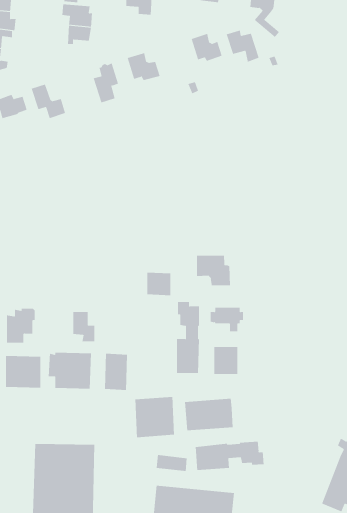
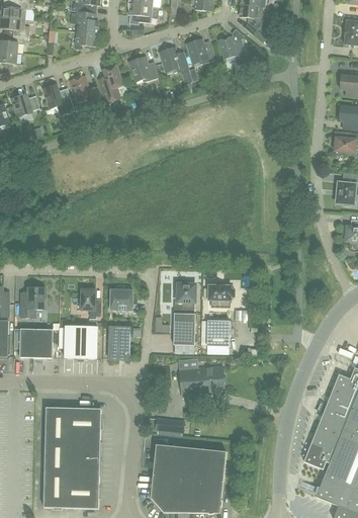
building: none -> [159,47,187,72]
building: none -> [70,75,100,102]
building: [196,255,231,286] -> none
building: [146,272,171,296] -> [109,288,131,310]
building: [135,396,174,438] -> none
building: [195,441,264,471] -> none

